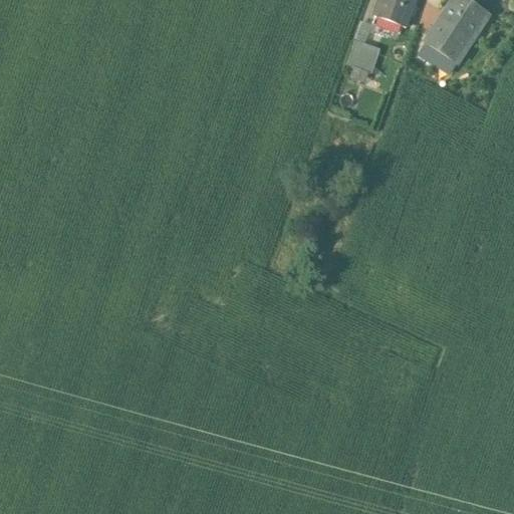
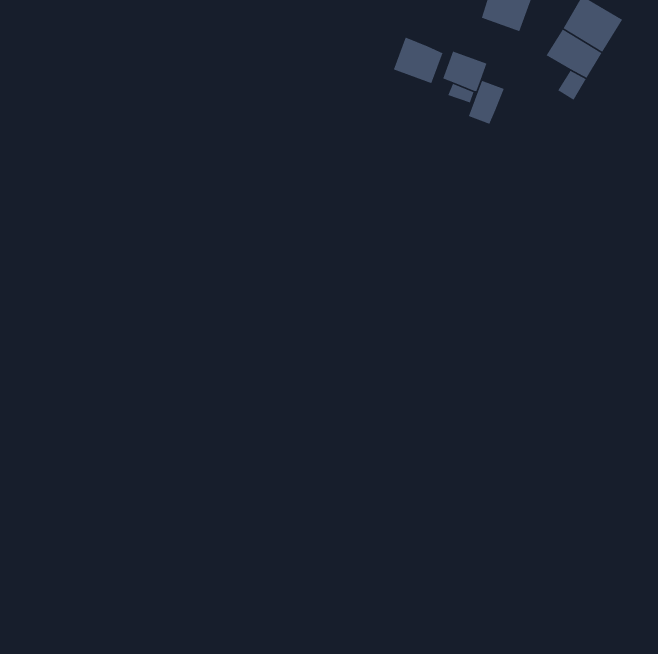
building: none -> [393,37,444,84]
building: none -> [468,80,505,125]

